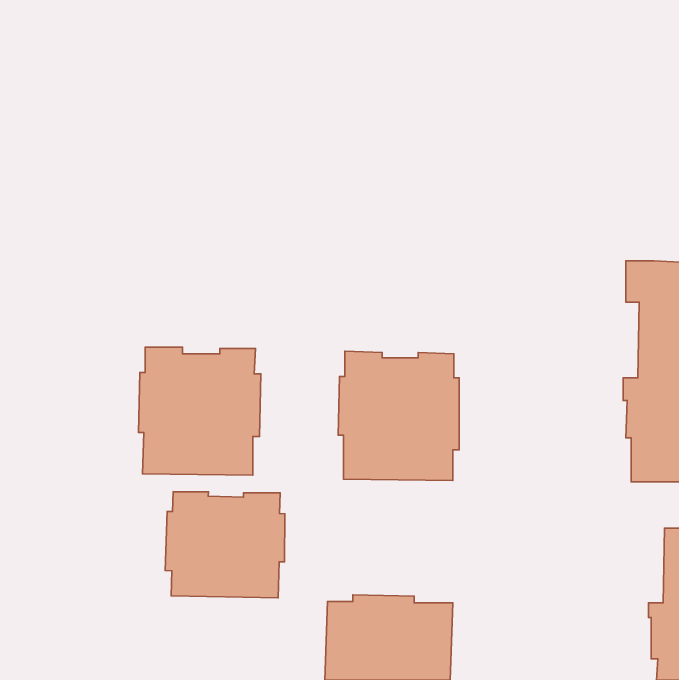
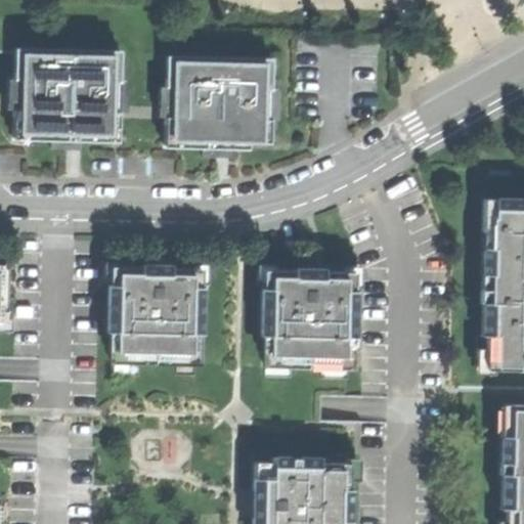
building: none -> [12,48,119,143]
building: none -> [165,57,272,150]
building: [165,492,285,598] -> none

